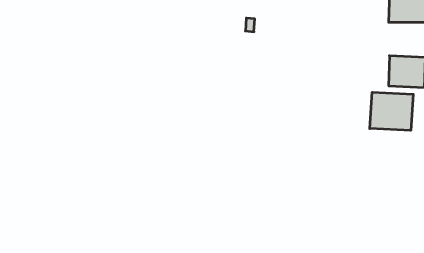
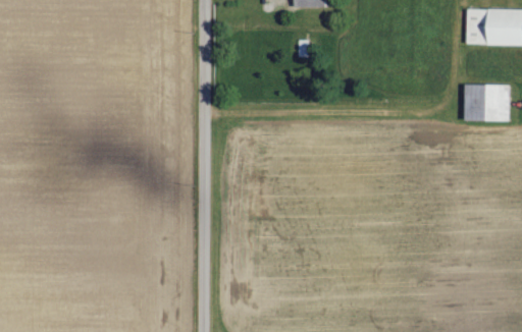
building: [370,92,413,130] -> none

